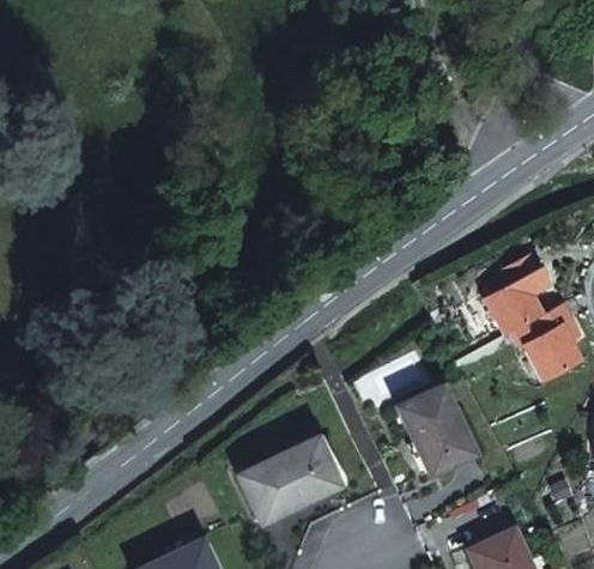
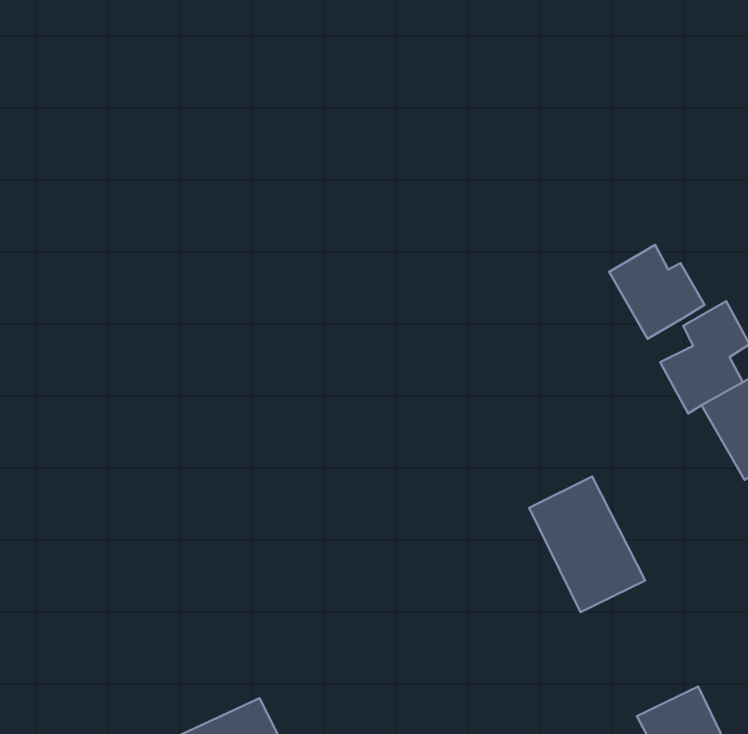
building: none -> [609,245,704,339]
building: [236,437,332,523] -> none

